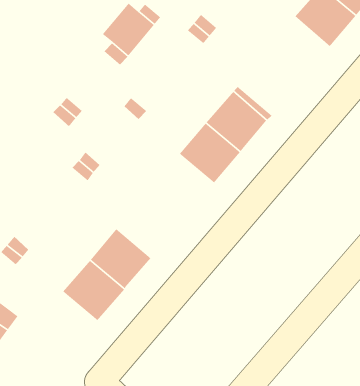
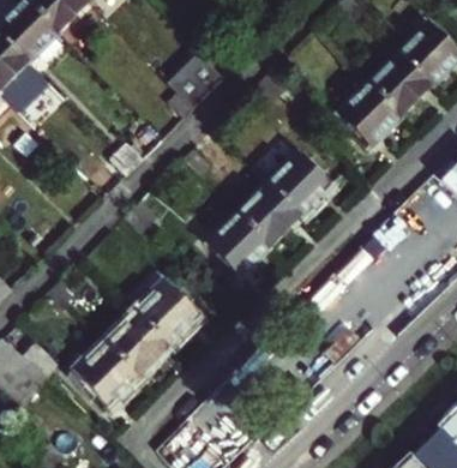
building: none -> [336,82,401,146]
building: none -> [205,212,270,277]
building: none -> [74,343,138,407]

